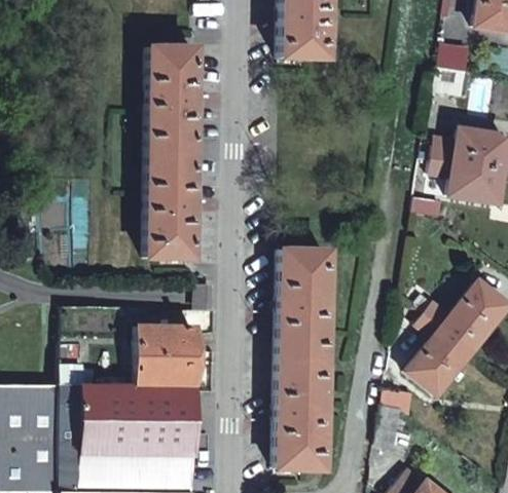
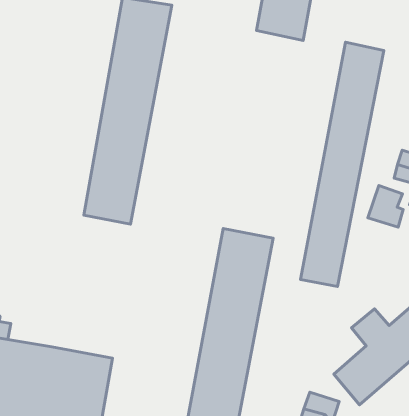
building: none -> [300,42,384,286]
building: [139,326,197,386] -> none

